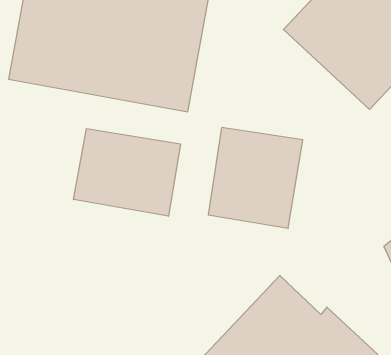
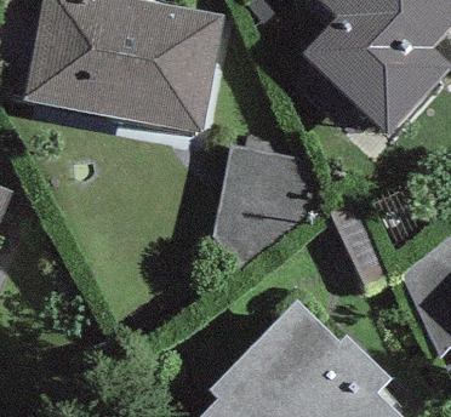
building: [74,129,180,216] -> none

